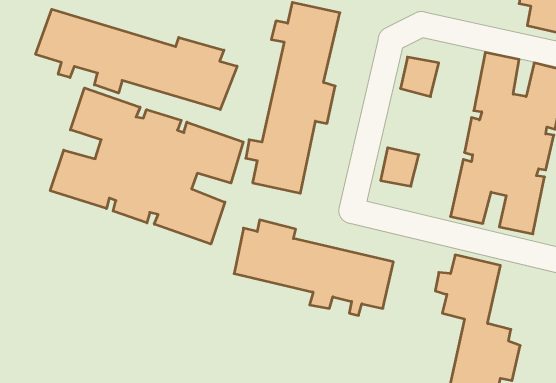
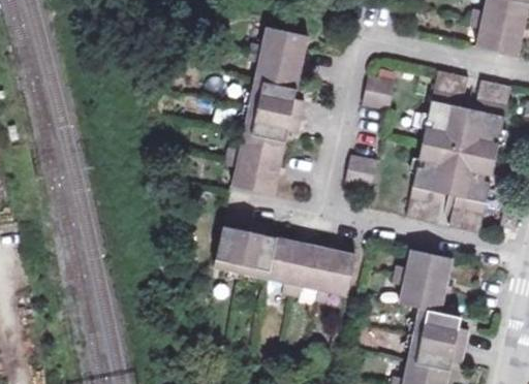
building: [36,9,237,110] -> none
building: [50,88,243,244] -> none

